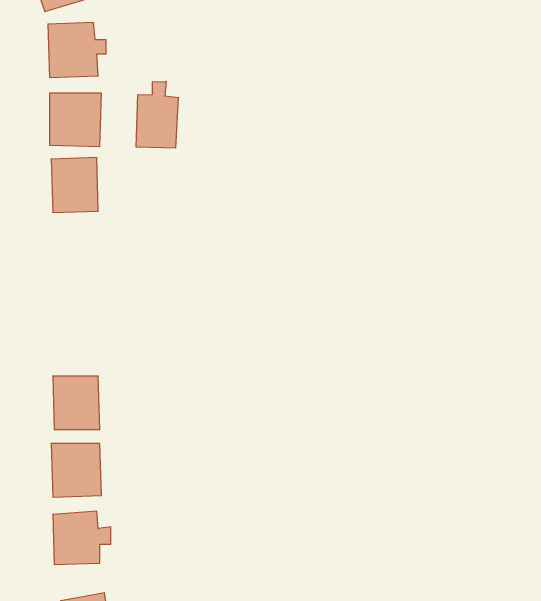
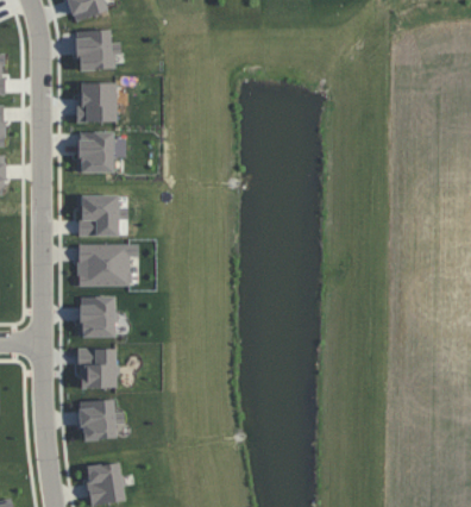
building: [136,81,178,148] -> none
building: none -> [80,194,127,236]
building: none -> [77,243,138,286]

